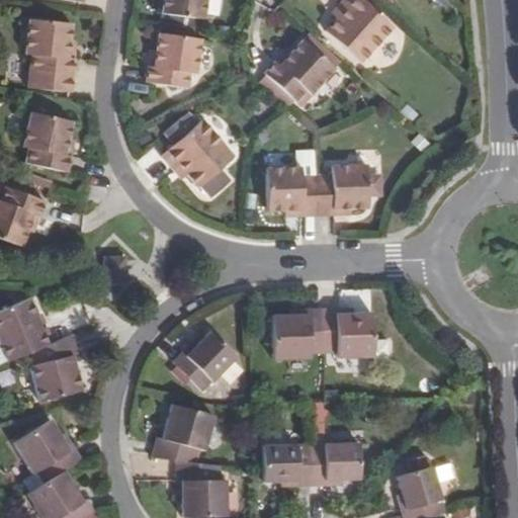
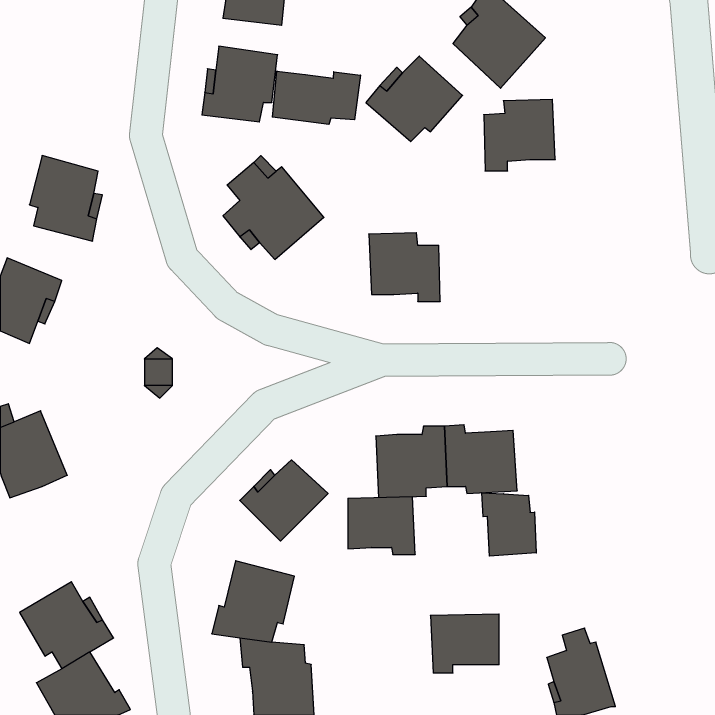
building: [25,19,74,93] -> none
building: none -> [272,71,360,124]
building: [318,166,369,218] -> [484,99,555,171]
building: [30,334,83,402] -> none
building: none -> [482,493,536,556]
building: [265,444,314,486] -> [348,497,415,554]

